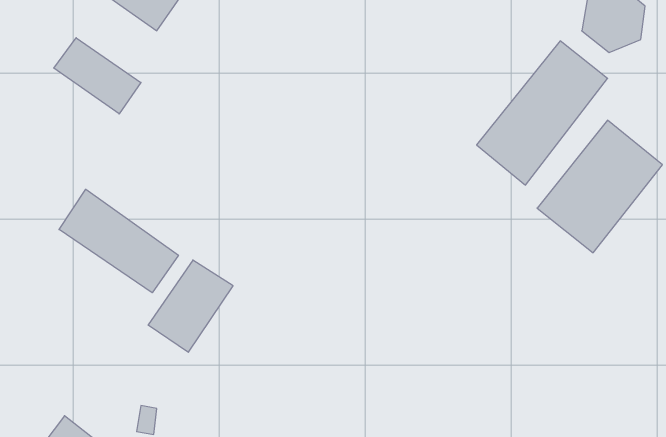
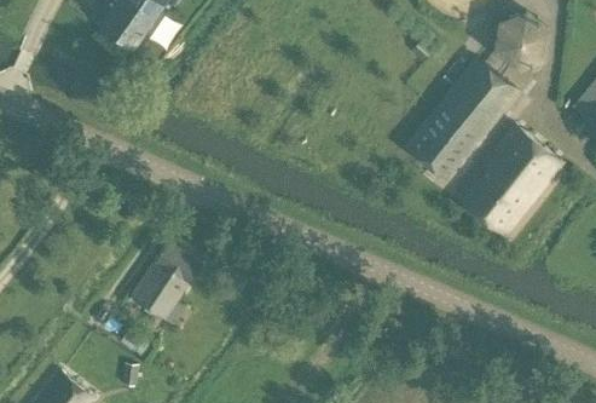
building: [54,38,141,114] -> none
building: [59,189,178,293] -> none

